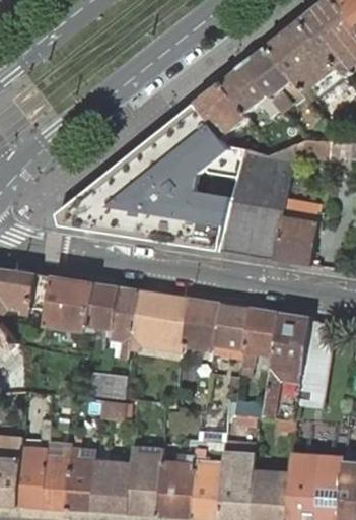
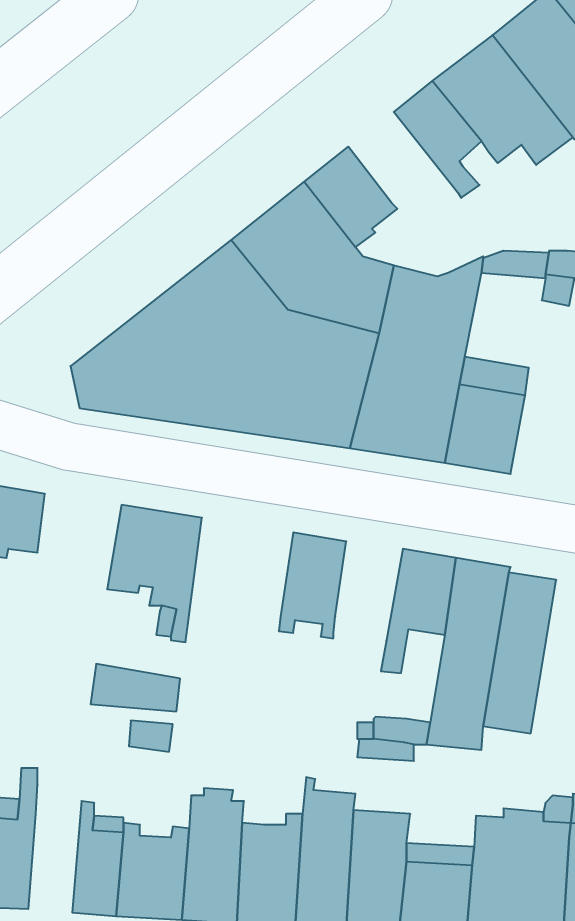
building: [218,64,279,116] -> none
building: [43,276,92,329] -> none
building: [129,289,188,352] -> none
building: [211,303,248,358] -> none
building: [41,438,70,509] -> none

